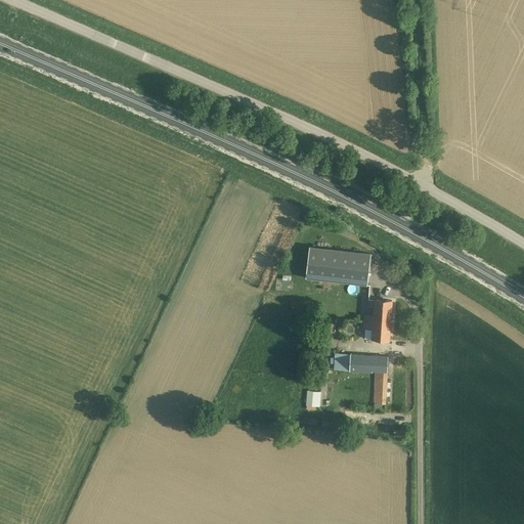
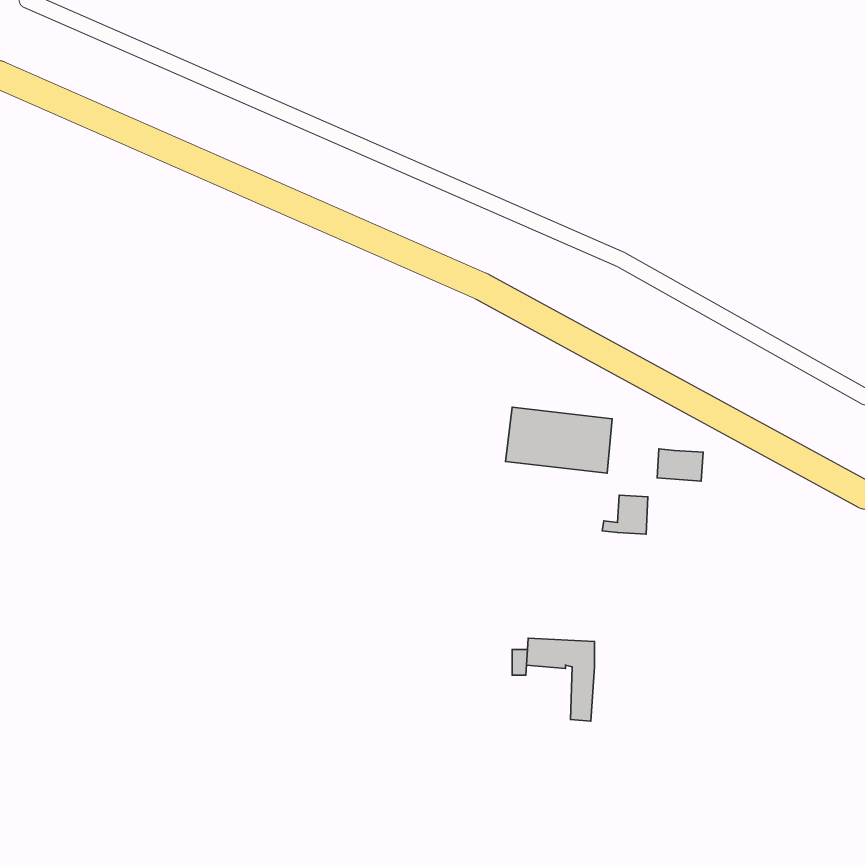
building: [362,321,390,341] -> [657,449,703,481]
building: [346,355,387,405] -> [527,638,594,721]

